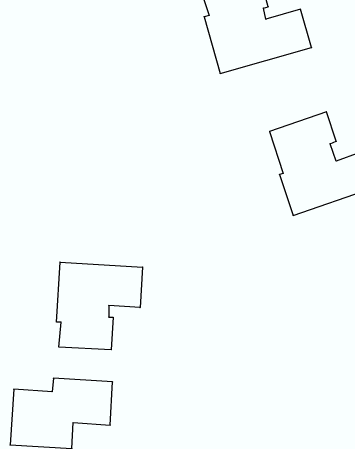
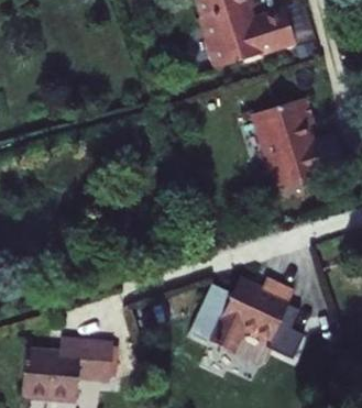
building: [57,262,143,350] -> none
building: none -> [187,283,295,359]

